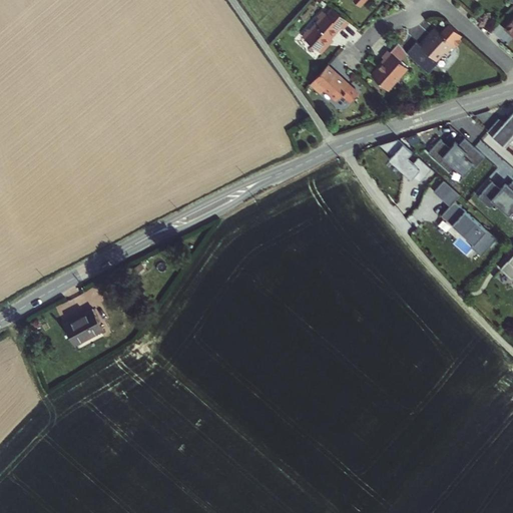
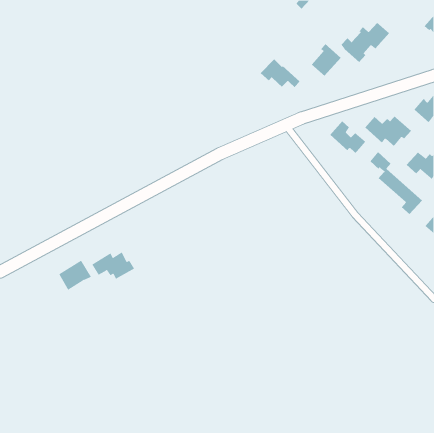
building: [300,12,346,58] -> none
building: none -> [92,252,135,280]

